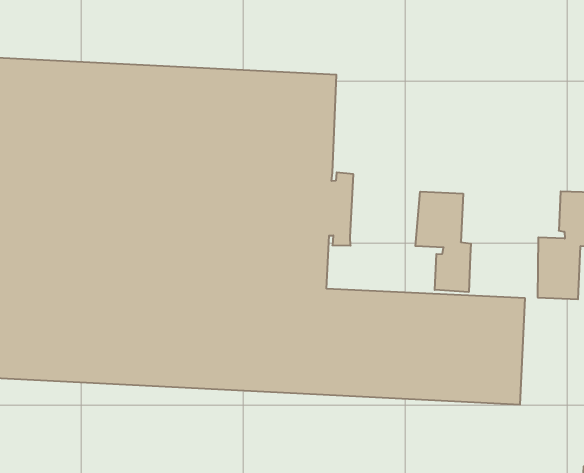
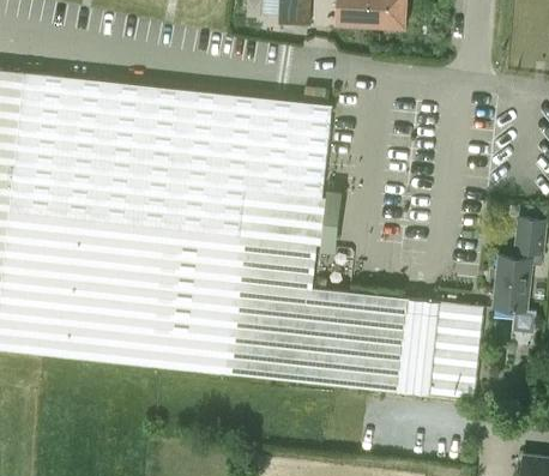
building: [415,192,471,292] -> none

